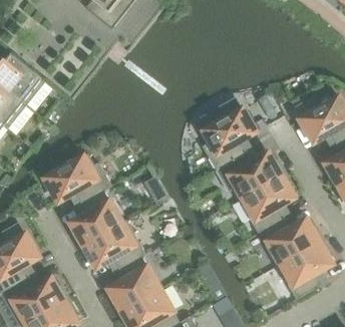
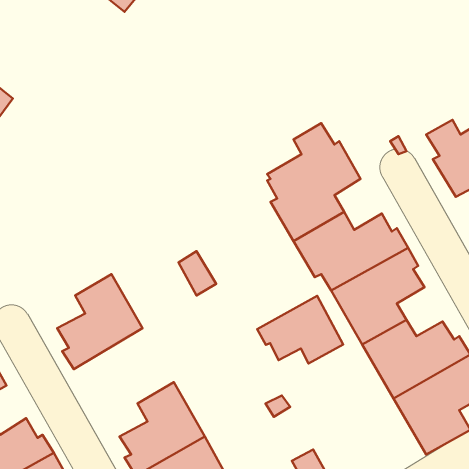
building: [44,153,110,201] -> none
building: none -> [257,296,343,364]
building: [79,221,140,267] -> none

